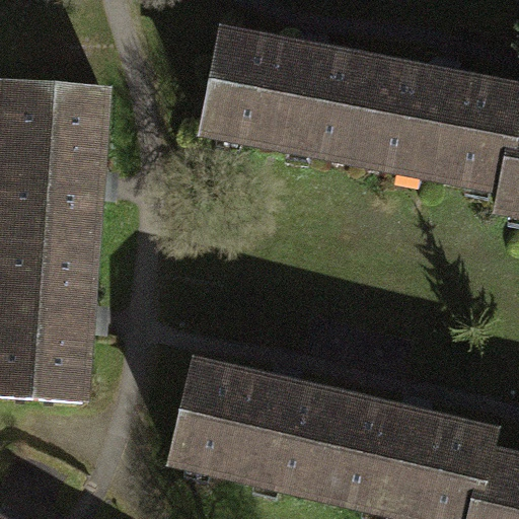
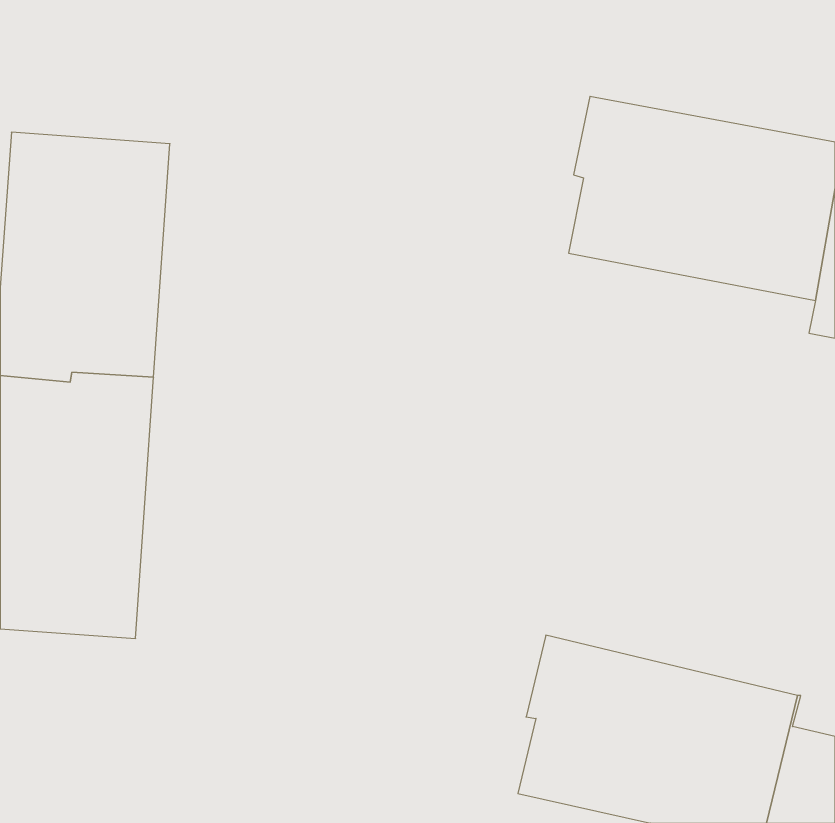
building: [206,32,366,157] -> none
building: [174,362,339,493] -> none

